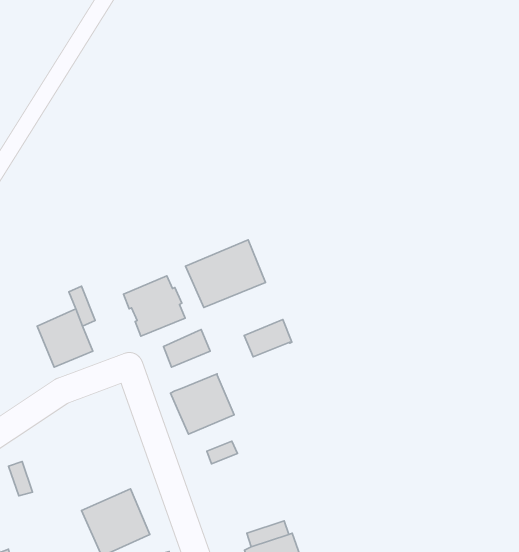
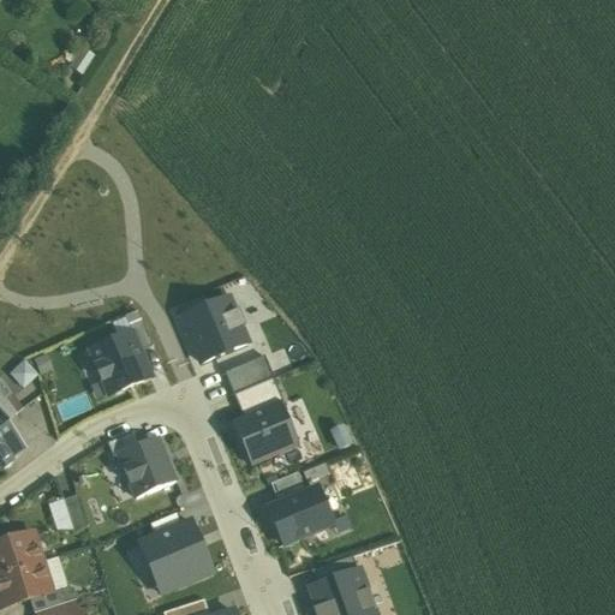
building: [186,240,266,308] -> none
building: [244,319,292,357] -> [233,376,283,416]
building: none -> [118,435,177,496]
building: none -> [270,488,334,544]

